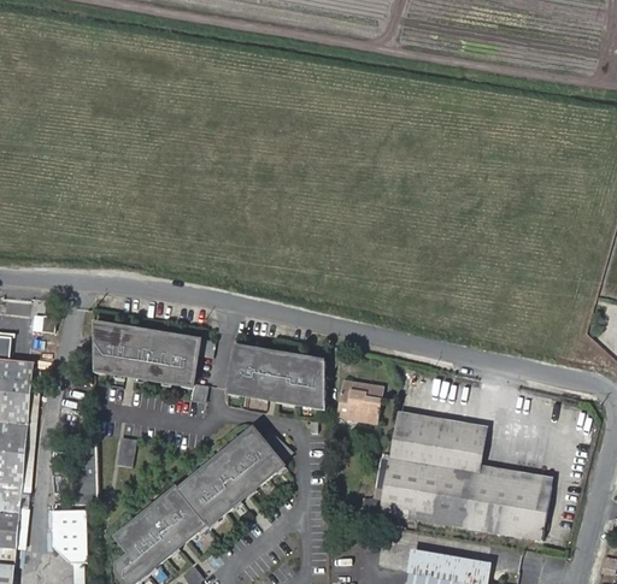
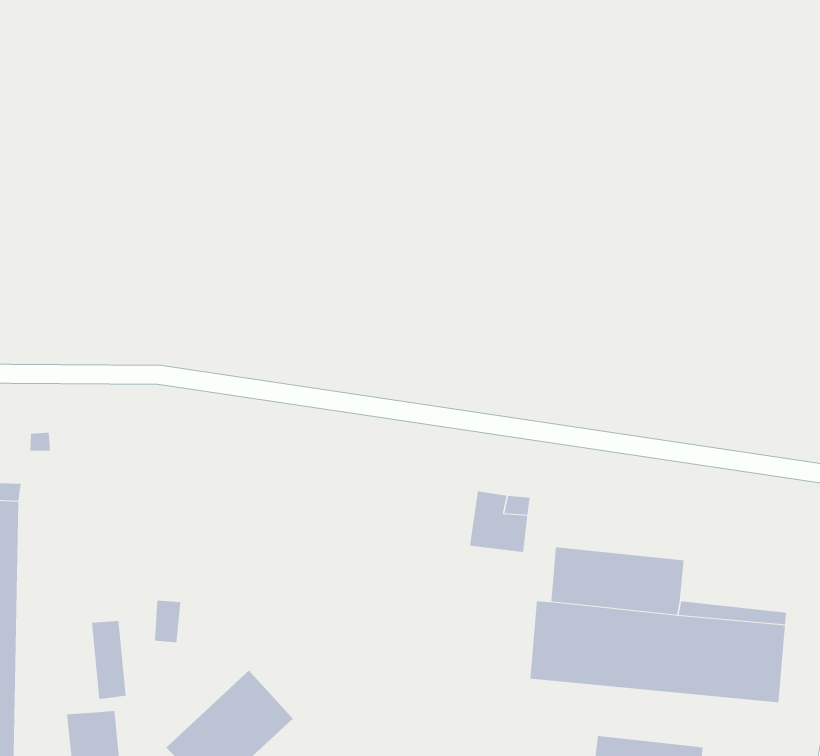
building: [94,323,202,387] -> none
building: [228,347,327,409] -> none
building: [181,426,288,524] -> none

